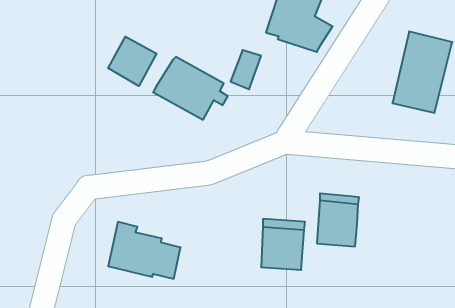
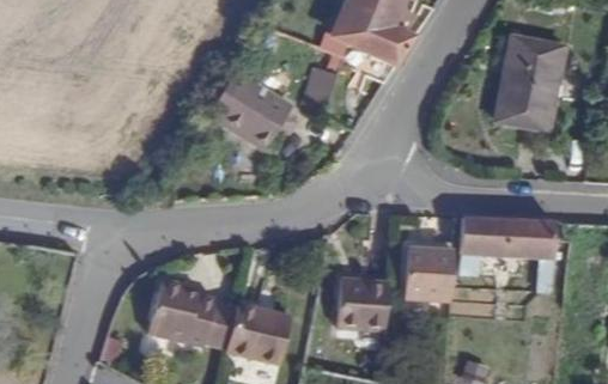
building: [108,37,157,86] -> none
building: none -> [458,218,553,258]
building: none -> [225,300,290,361]

